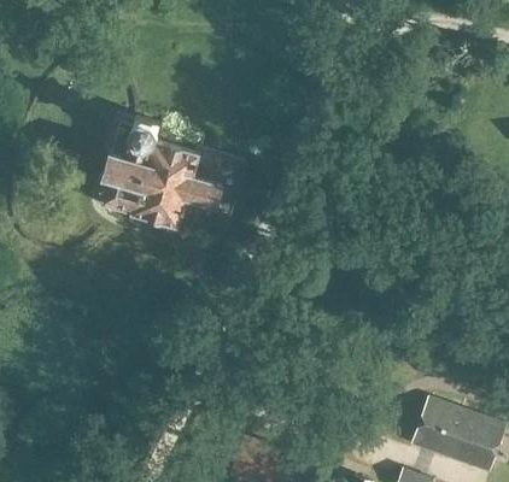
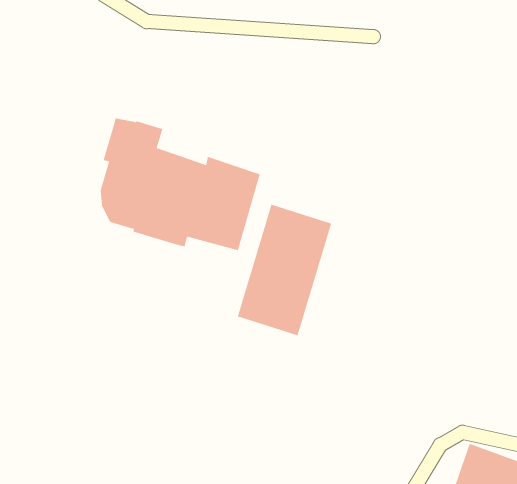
building: none -> [237,204,332,336]

